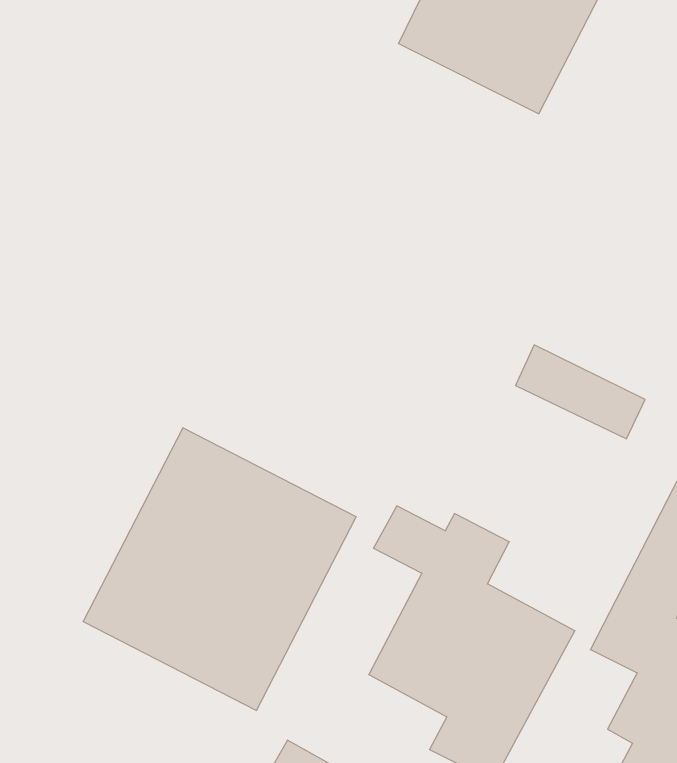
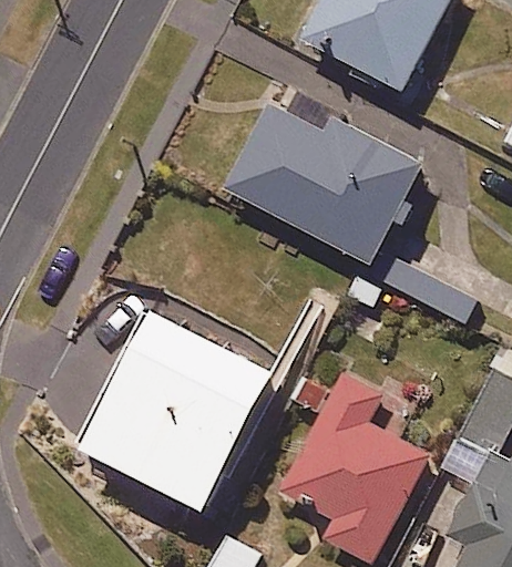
building: none -> [224,106,422,265]

